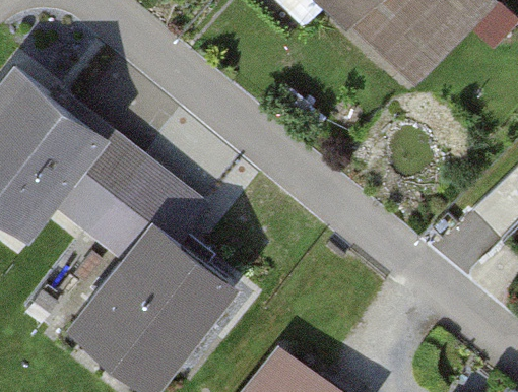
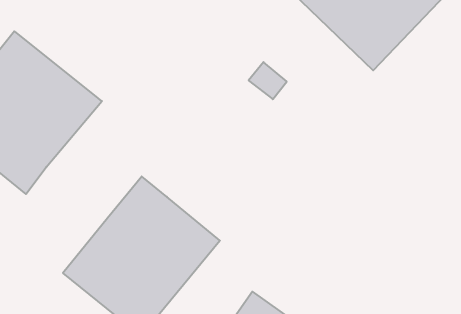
building: [52,126,210,261] -> none

